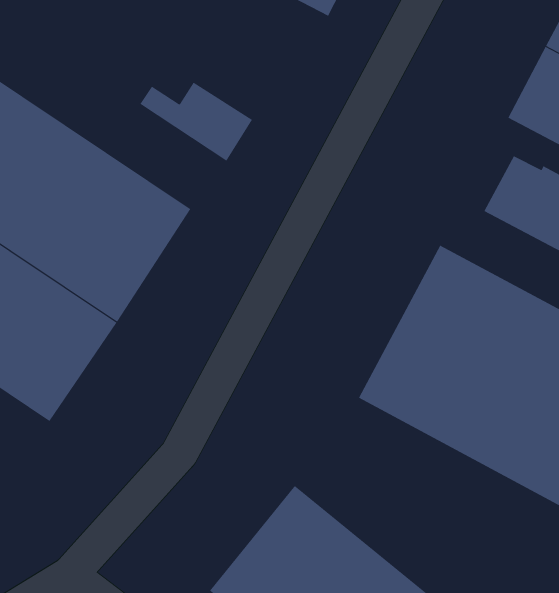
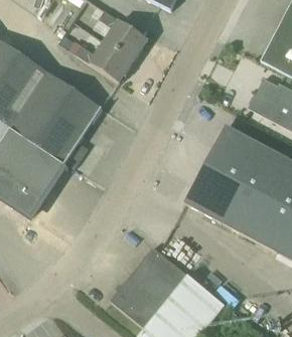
building: none -> [99,10,147,61]

